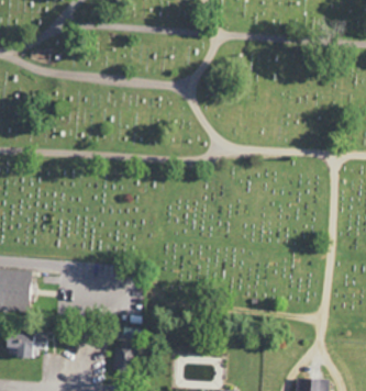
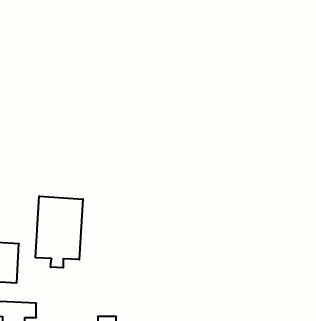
building: none -> [36,196,83,268]

